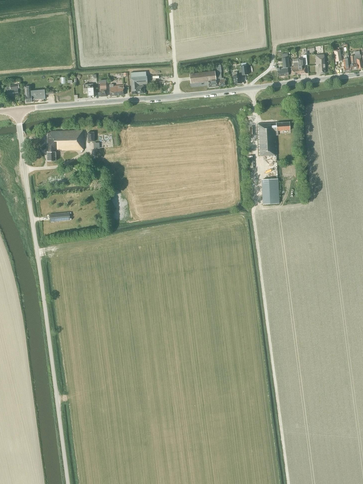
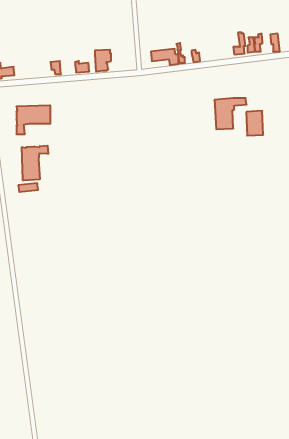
building: none -> [22,146,48,180]
building: [261,178,279,204] -> [246,111,263,136]

